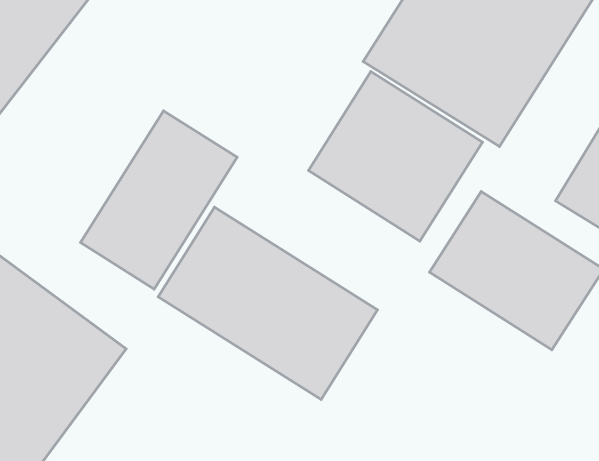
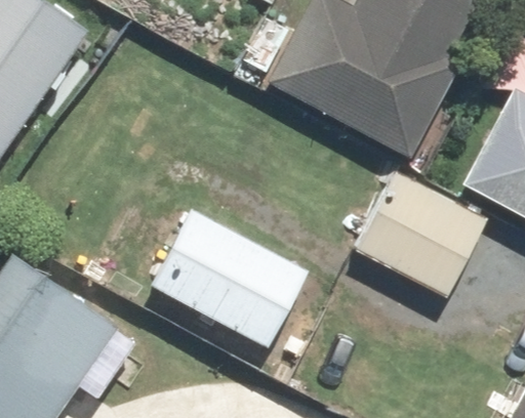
building: [308,71,483,241] -> none
building: [80,111,237,289] -> none

